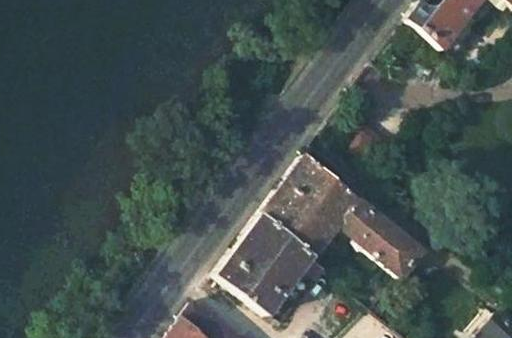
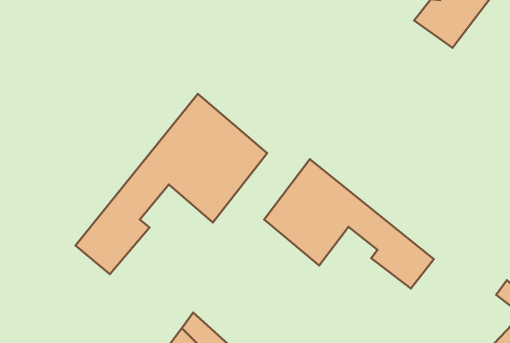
building: none -> [75,94,267,274]
building: [214,214,324,315] -> none

